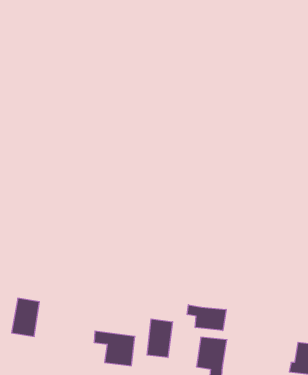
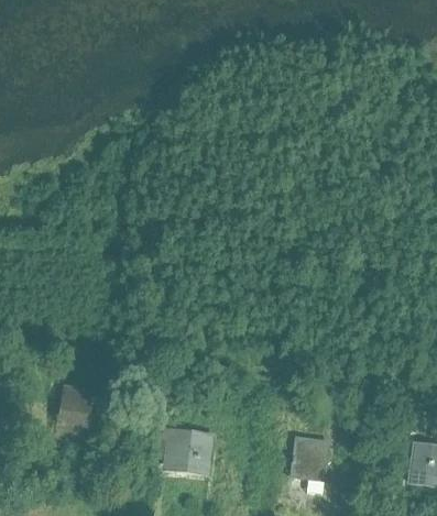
building: [187,305,226,331] -> none
building: [147,319,173,358] -> none

